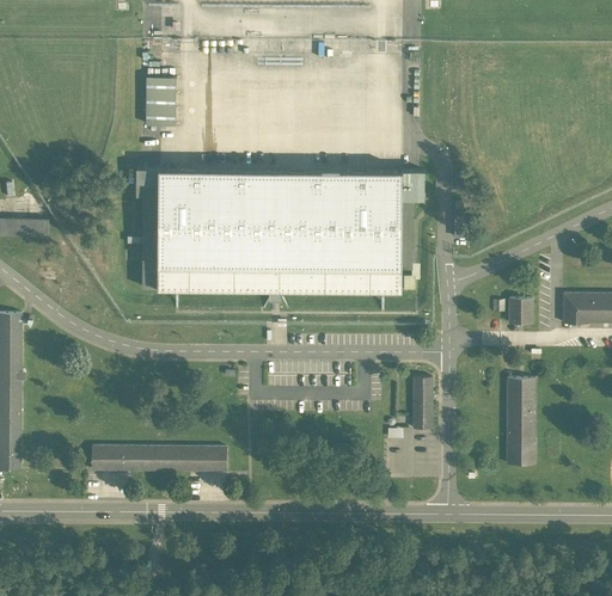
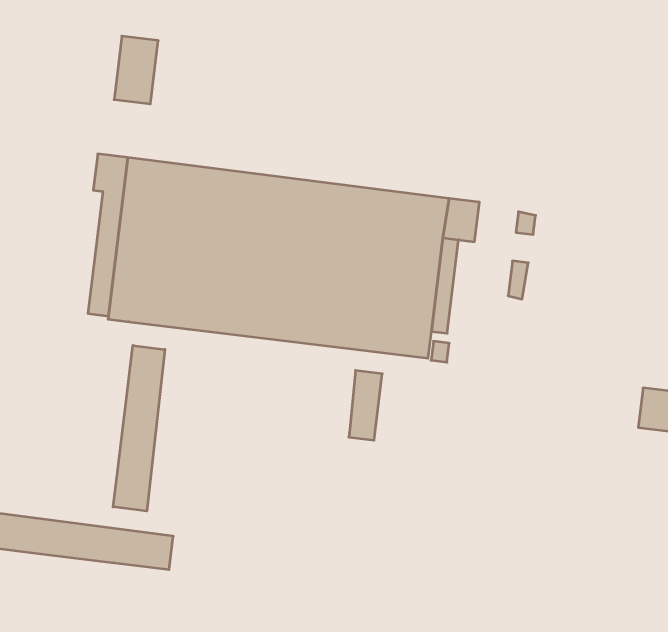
building: [508,300,532,324] -> none
building: none -> [113,345,165,511]
building: [411,379,432,429] -> [349,370,382,440]
building: [504,379,534,466] -> none

